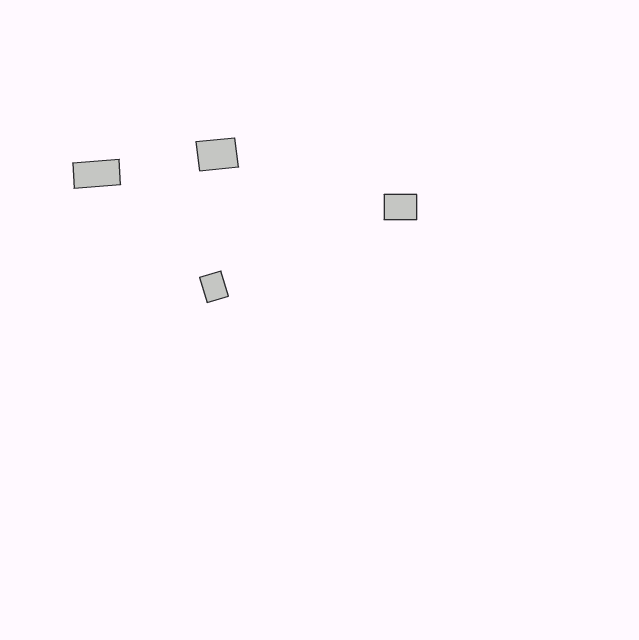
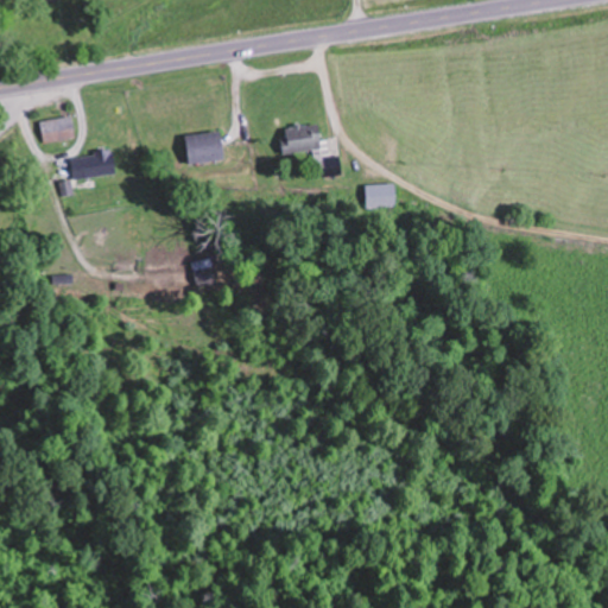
building: none -> [34,116,74,144]
building: none -> [281,126,321,152]

